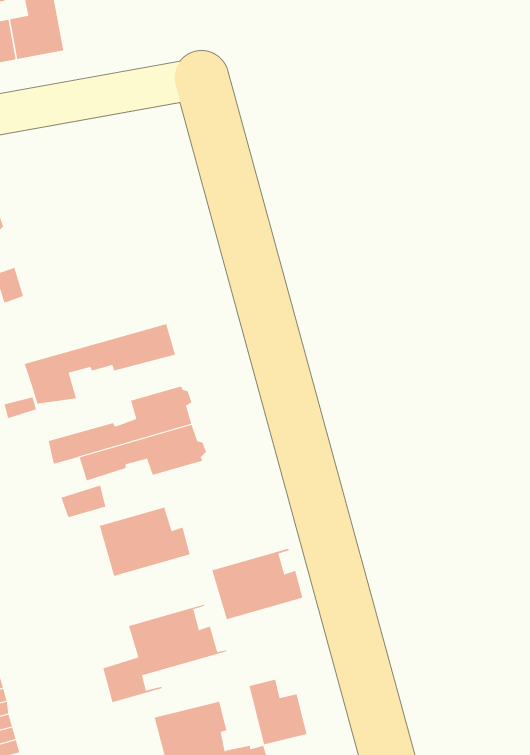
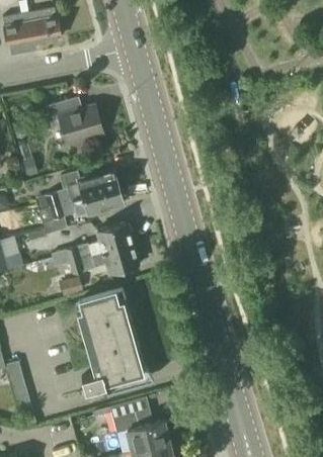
building: none -> [46,97,103,145]
building: none -> [36,170,117,209]
building: [212,548,303,620] -> [88,315,139,355]
building: [249,679,307,745] -> none

